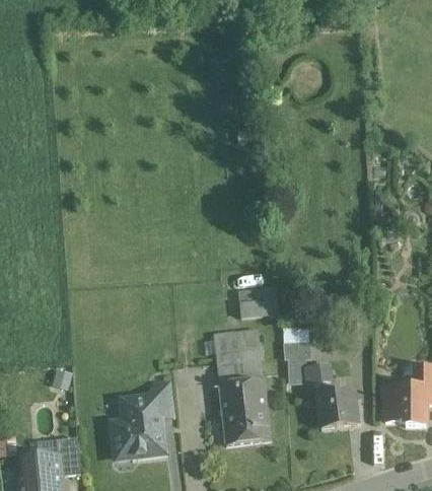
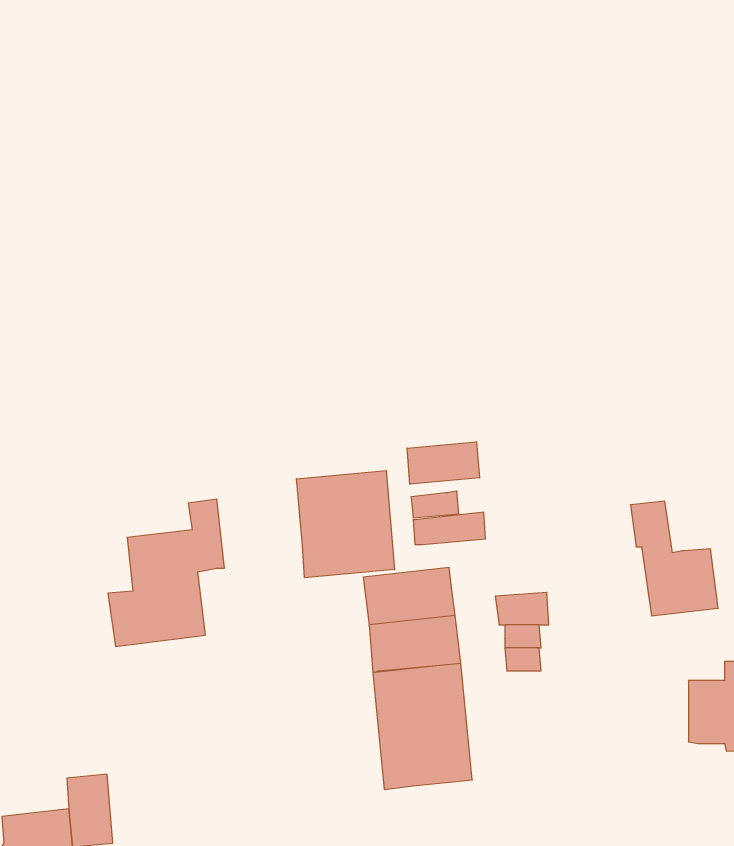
building: none -> [407,442,480,484]
building: none -> [296,471,395,578]
building: [310,366,357,427] -> [630,501,718,616]
building: [113,379,174,458] -> [108,499,225,647]

